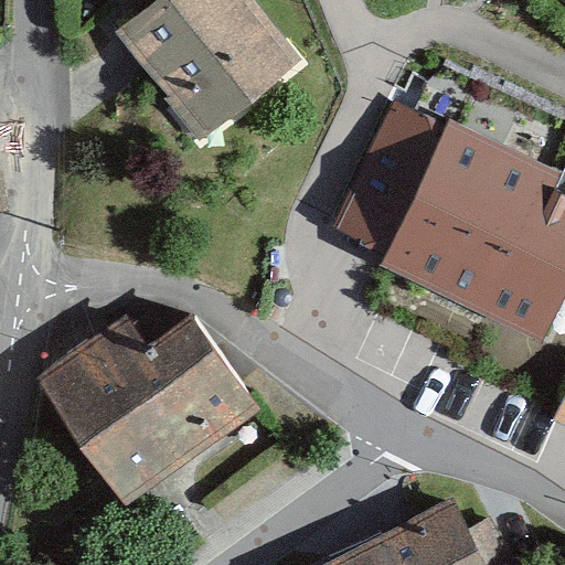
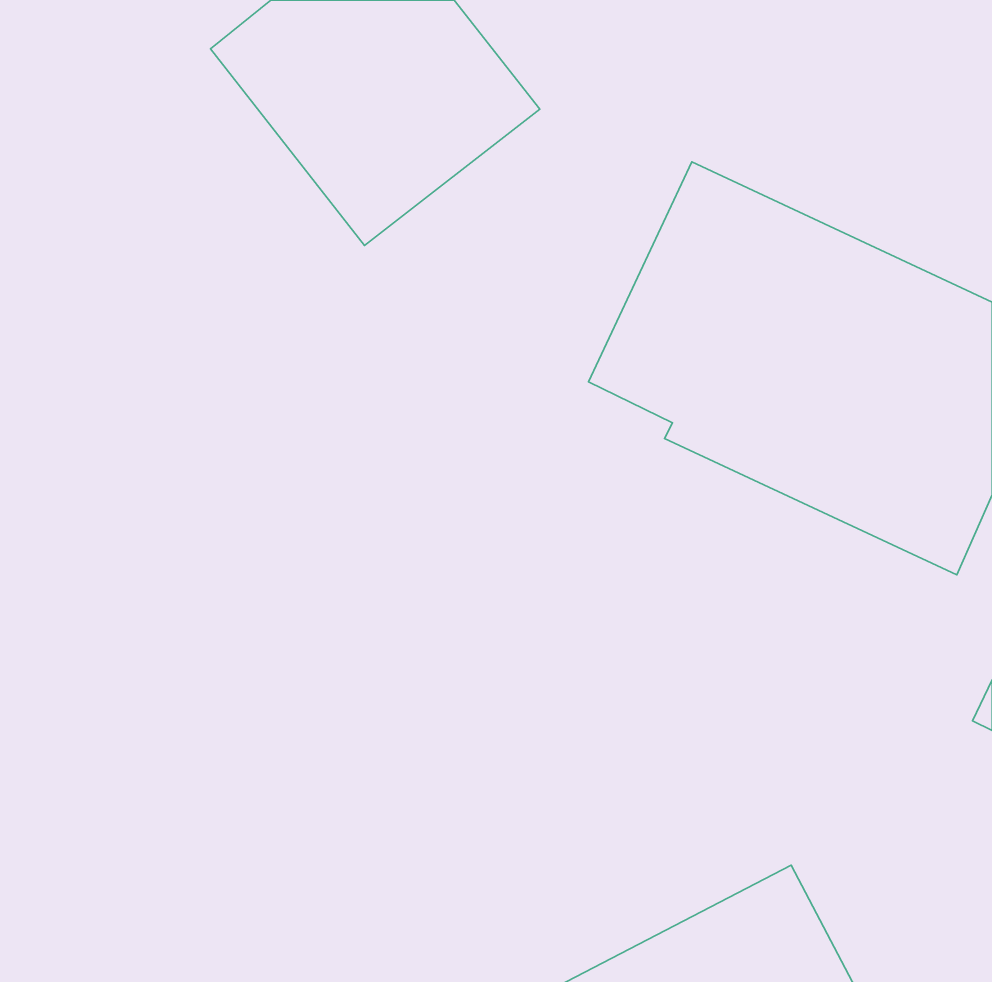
building: [41,322,253,501] -> none

